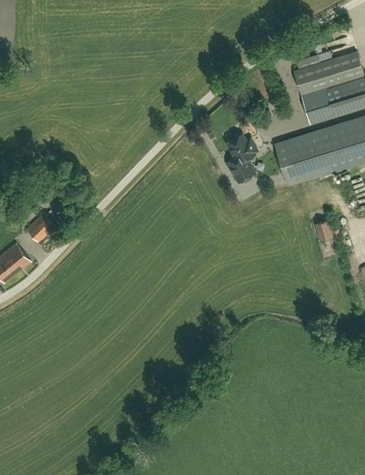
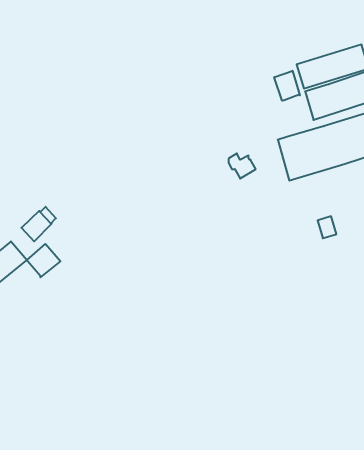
building: none -> [274,71,300,101]
building: [226,134,257,163] -> none
building: none -> [27,244,60,277]

